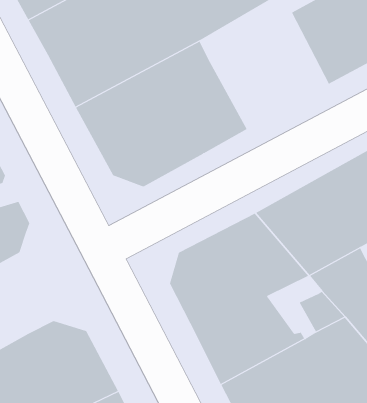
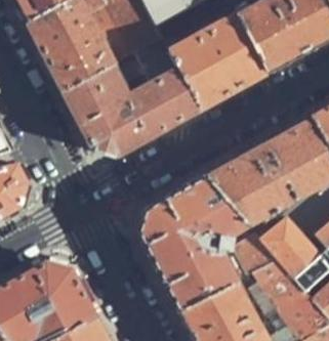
building: none -> [169,15,264,109]

